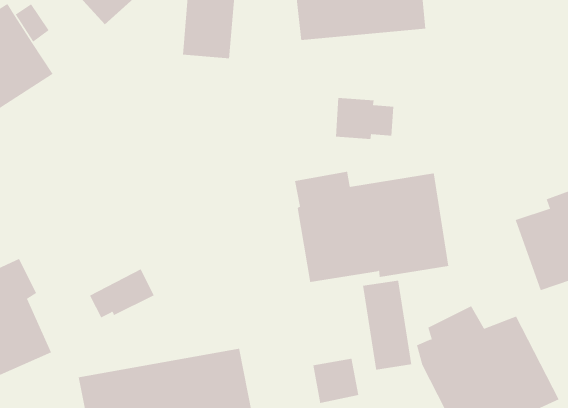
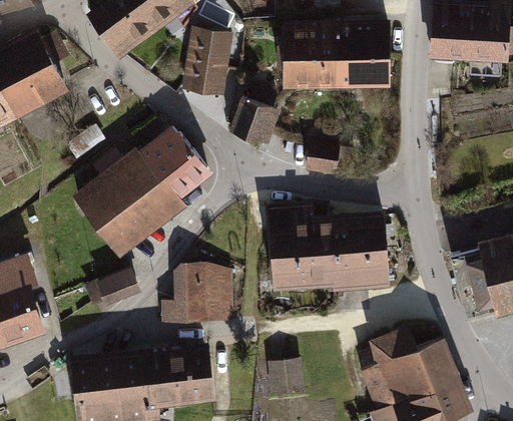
building: none -> [228,83,280,143]
building: none -> [71,123,211,257]
building: none -> [160,263,233,324]
building: [363,280,412,370] -> none

